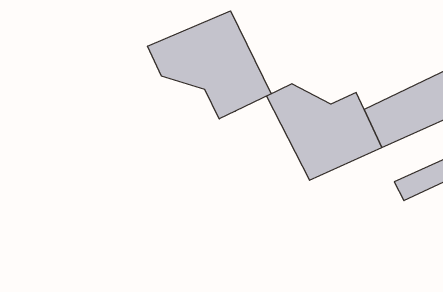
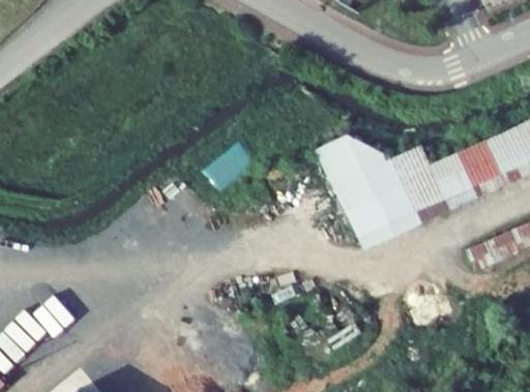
building: [148,11,271,119] -> none

